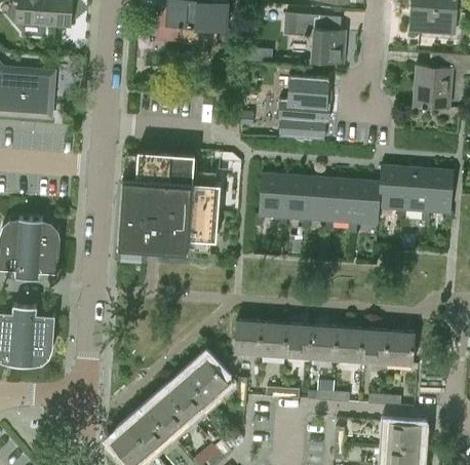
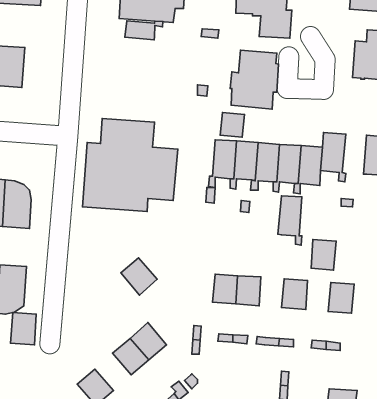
building: none -> [125,21,163,40]
building: none -> [220,112,244,137]
building: [401,168,428,223] -> [278,196,302,245]
building: [233,320,262,353] -> none
building: [310,325,338,359] -> none
building: [361,330,389,363] -> [311,239,336,270]
building: [188,359,228,400] -> [121,258,157,295]
building: none -> [10,313,36,345]
building: [129,410,169,451] -> none
building: [387,424,420,451] -> none

